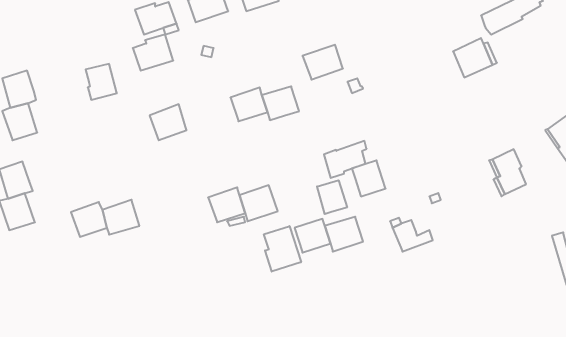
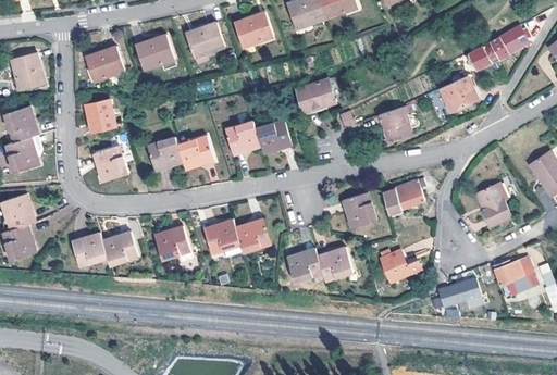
building: none -> [10,53,39,91]
building: [133,35,173,71] -> [84,48,123,83]
building: none -> [379,105,411,138]
building: none -> [177,136,213,171]
building: none -> [92,145,126,182]
building: [324,141,367,178] -> [383,179,424,215]
building: [317,180,347,214] -> none
building: none -> [153,226,188,261]
building: [264,226,301,272] -> none
building: none -> [491,257,535,297]
building: none -> [435,278,482,310]

